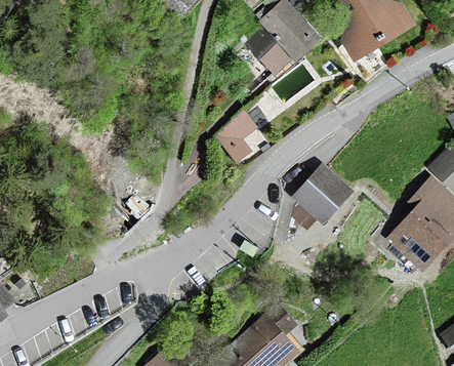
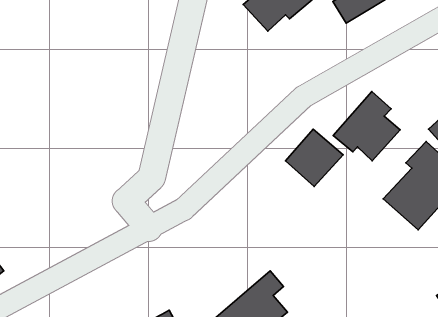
building: [216,115,254,163] -> none
building: none -> [333,91,400,161]

